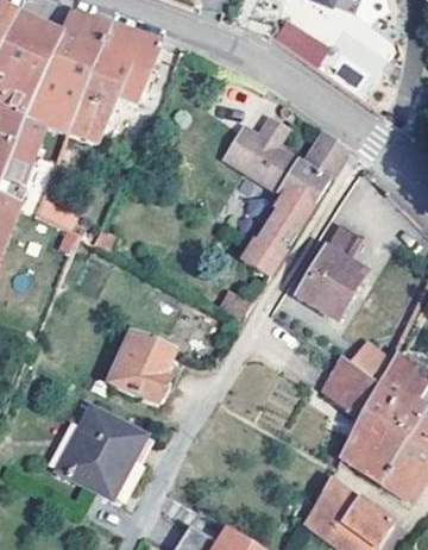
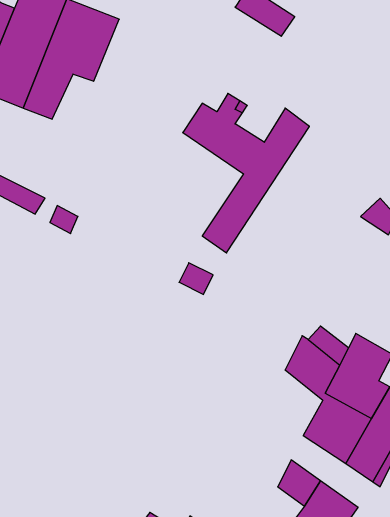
building: [296,225,364,320] -> none
building: [109,330,175,404] -> none
building: [57,408,149,501] -> none

